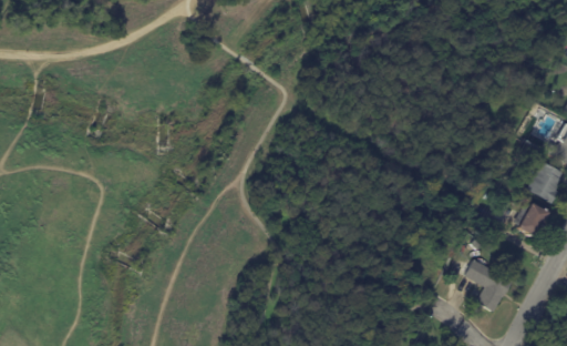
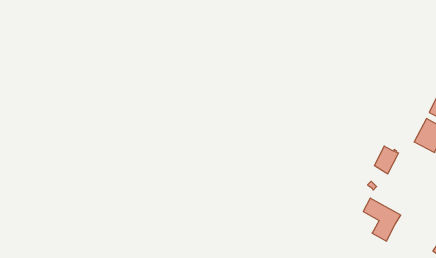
building: [519,202,549,236] -> [374,146,399,174]

